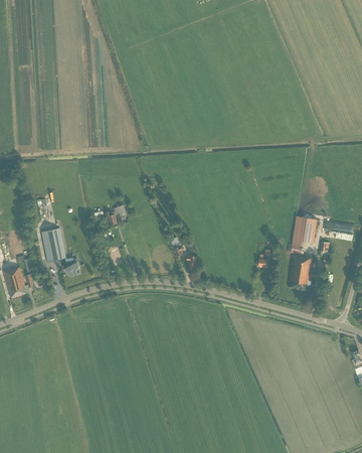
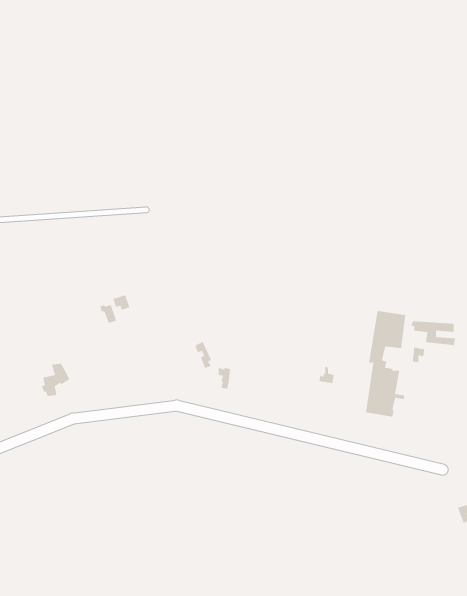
building: [42,229,66,262] -> none

